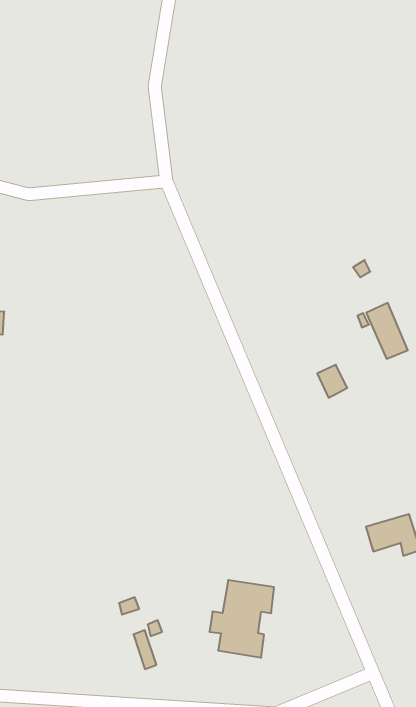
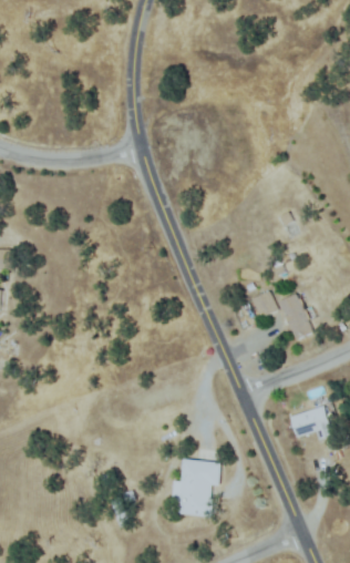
building: [366,303,408,359] -> [280,294,312,337]

